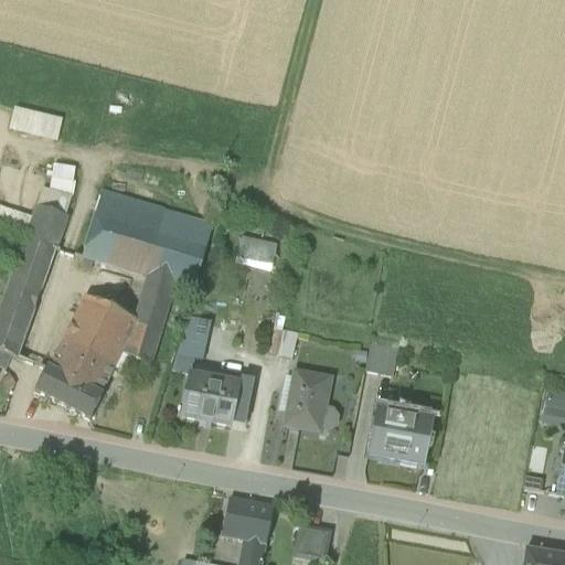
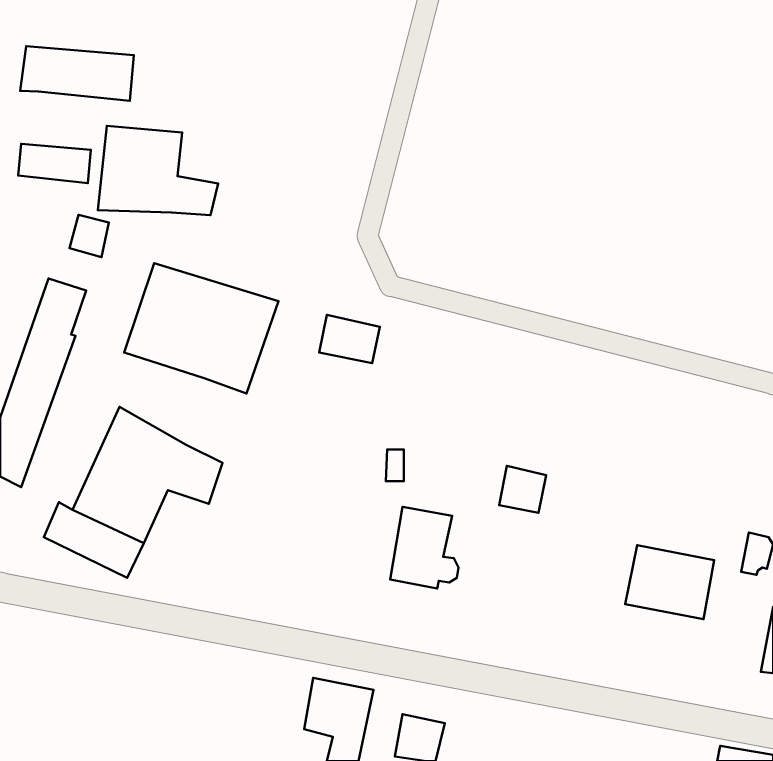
building: none -> [20,46,134,101]
building: none -> [98,126,218,215]
building: [136,276,180,338] -> none
building: [184,312,211,349] -> none
building: [180,371,254,423] -> none
building: [366,407,431,461] -> [625,545,714,619]

